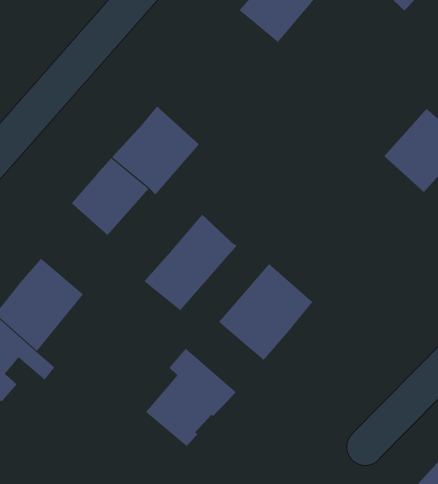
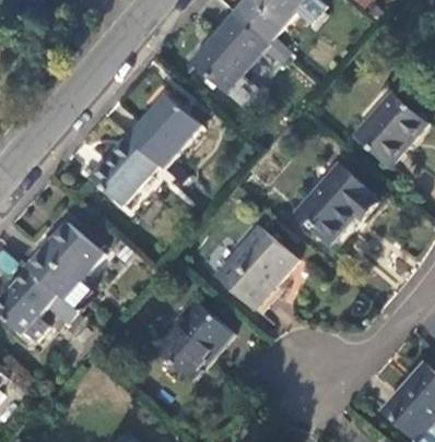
building: none -> [199,14,269,86]
building: none -> [296,164,378,241]
building: [144,214,237,311] -> none

